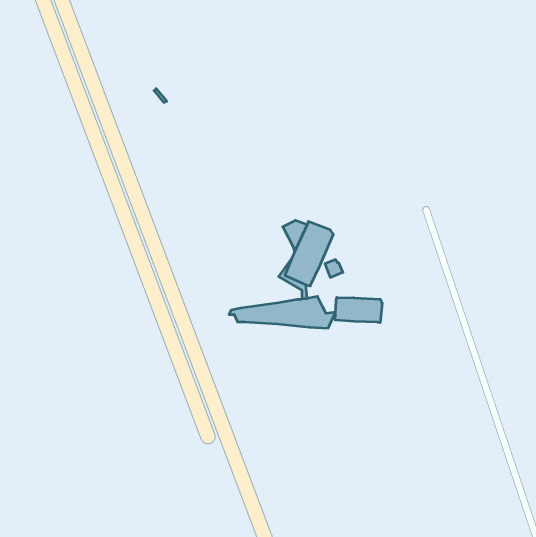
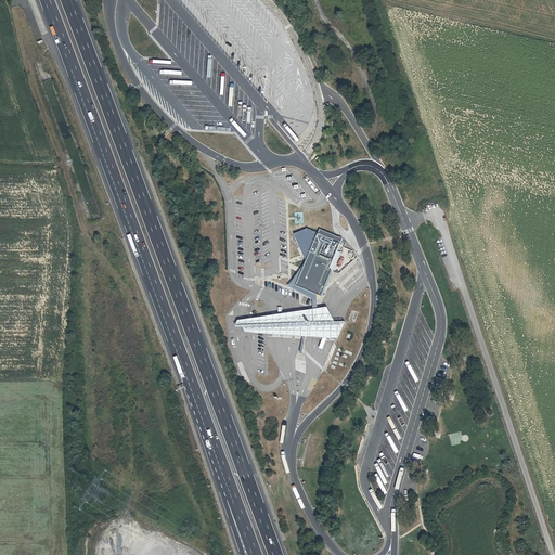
building: [335,297,382,323] -> none

